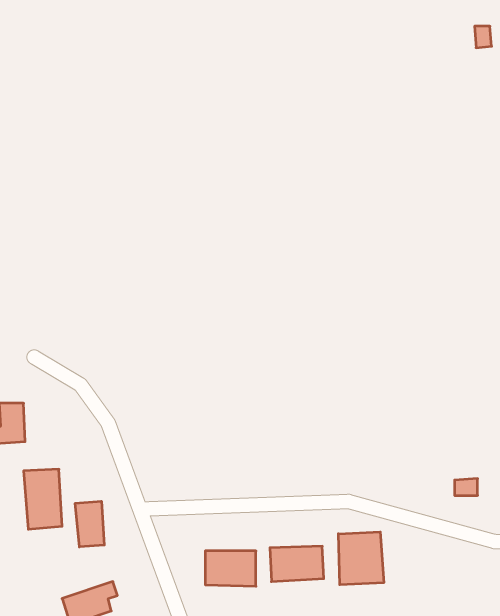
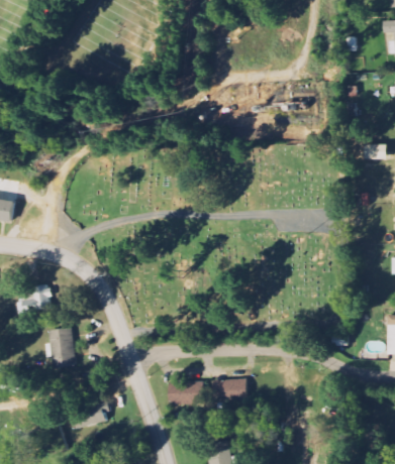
building: [75,501,104,547] -> none
building: [338,532,384,585] -> none

